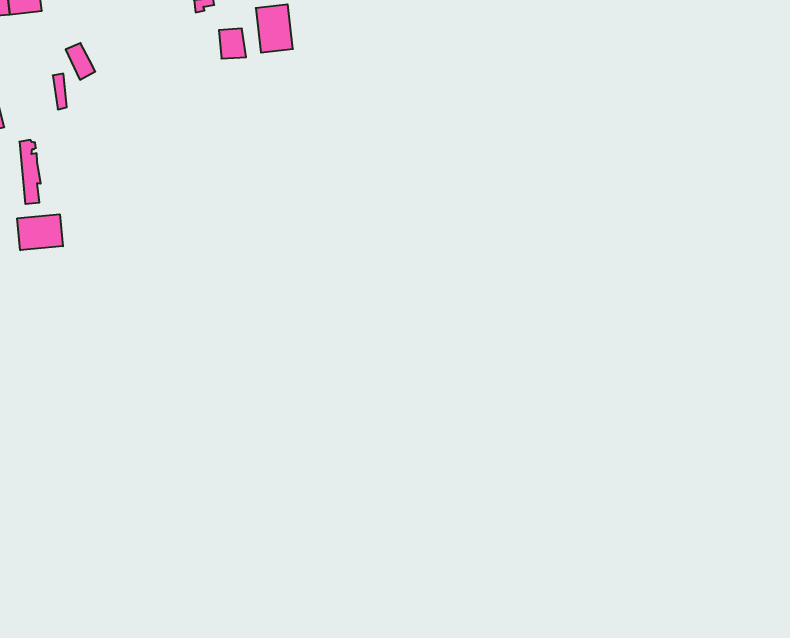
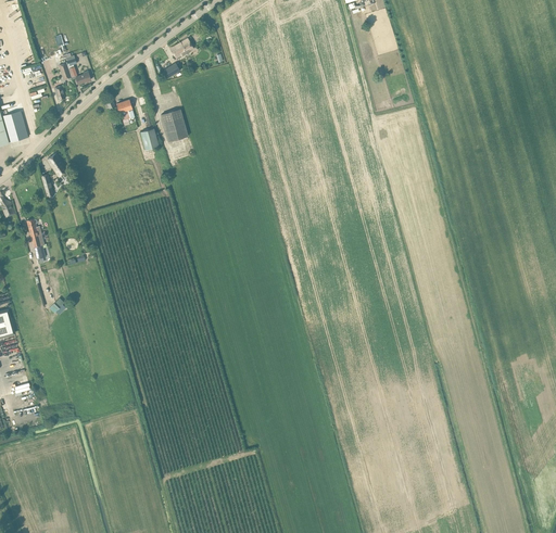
building: [17,214,63,250] -> none

